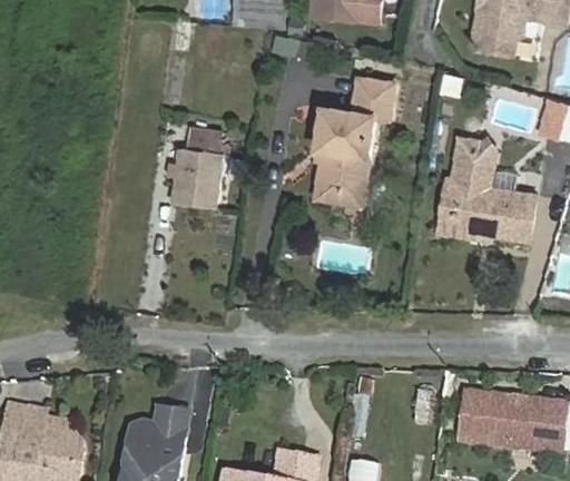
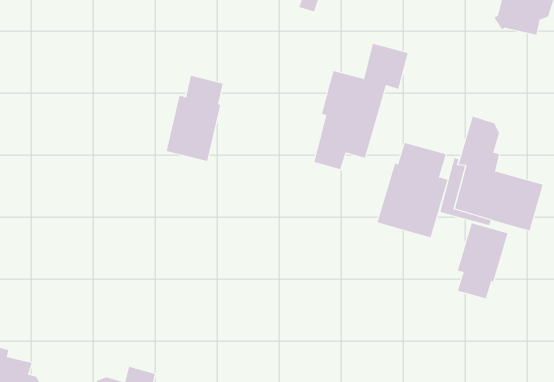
building: none -> [377,142,448,238]
building: none -> [457,223,508,299]

